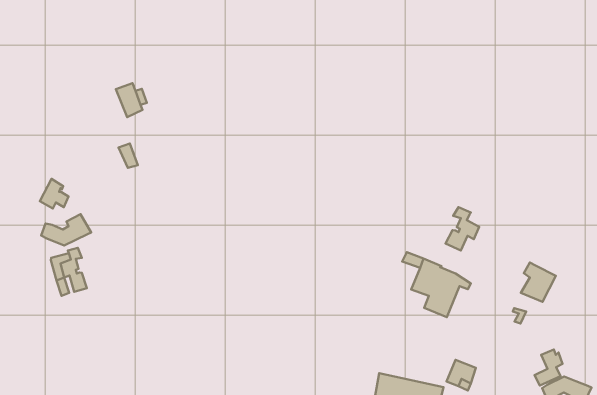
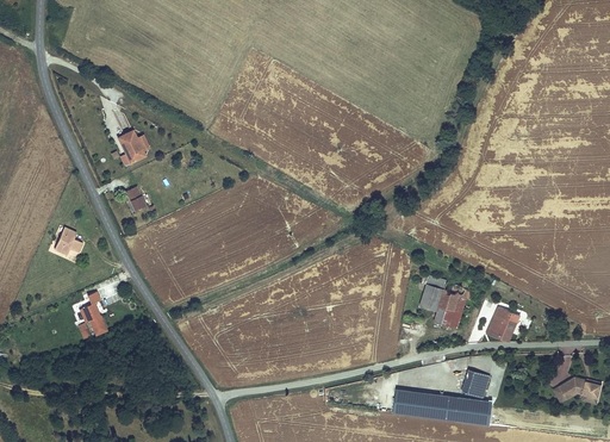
building: [446,207,479,251] -> none
building: [41,214,91,246] -> none
building: [521,263,556,302] -> [487,304,519,341]

